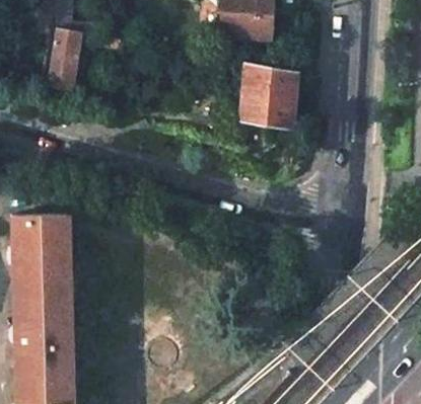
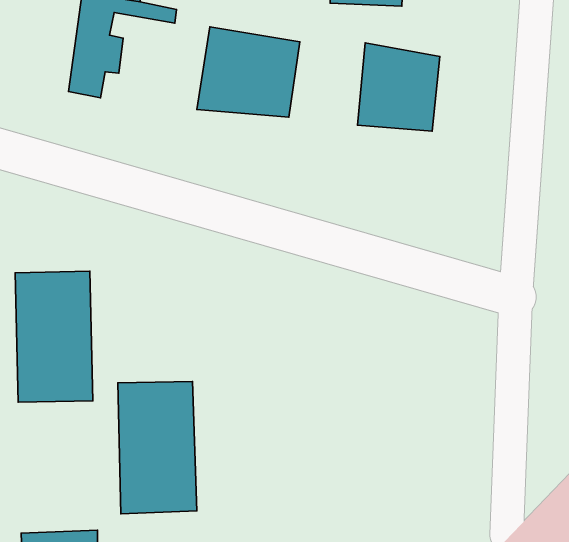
building: none -> [197,27,300,117]
building: [14,302,67,390] -> [118,381,197,514]

